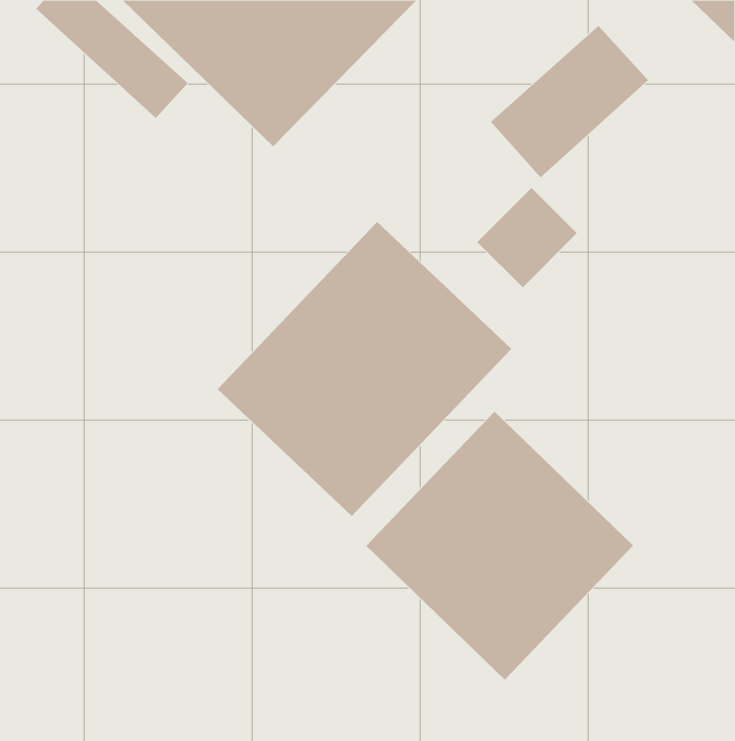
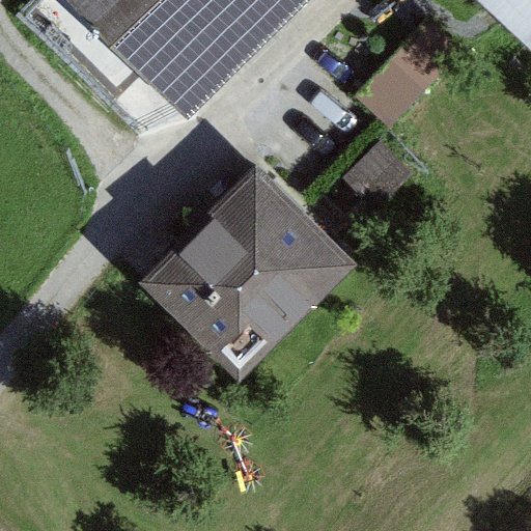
building: [366,411,634,680] -> none

